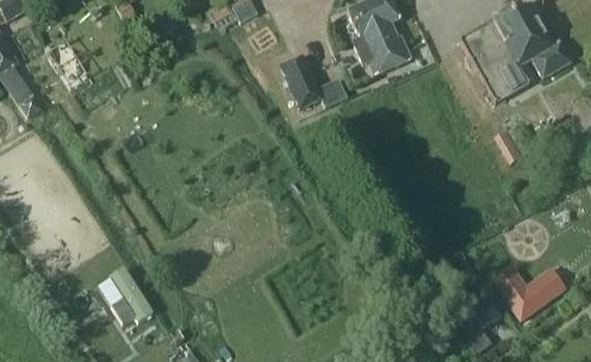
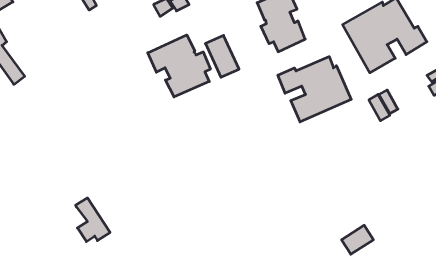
building: none -> [148,35,210,97]
building: none -> [278,57,351,122]
building: [504,266,566,322] -> none

